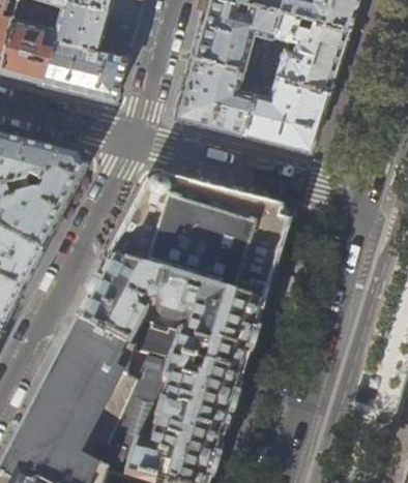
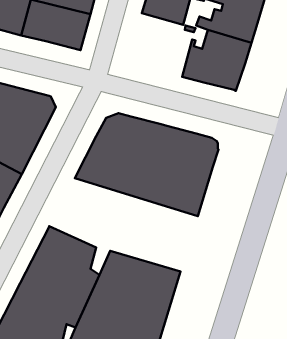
building: [174,55,254,134] -> none
building: [75,262,261,379] -> none

